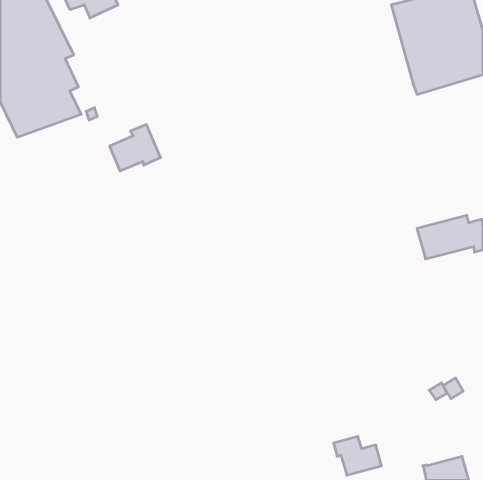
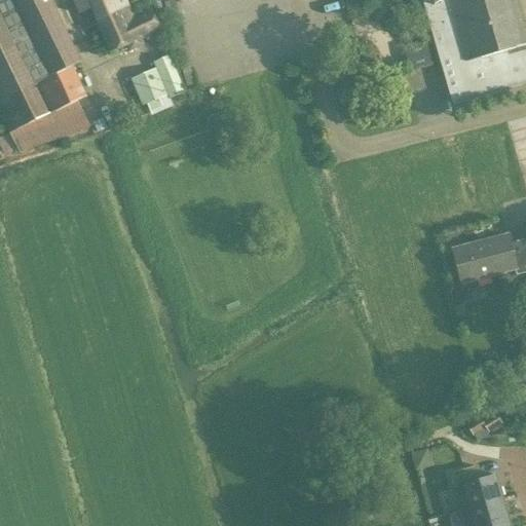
building: none -> [98,5,159,49]
building: [110,125,161,171] -> [129,53,185,104]
building: [333,436,382,475] -> [450,464,502,506]

